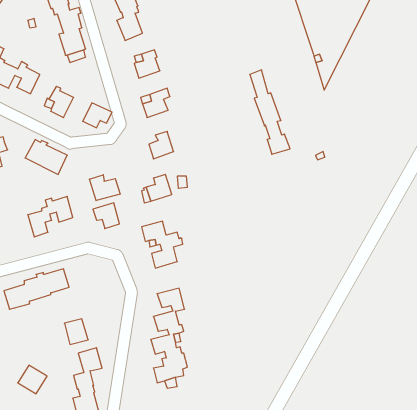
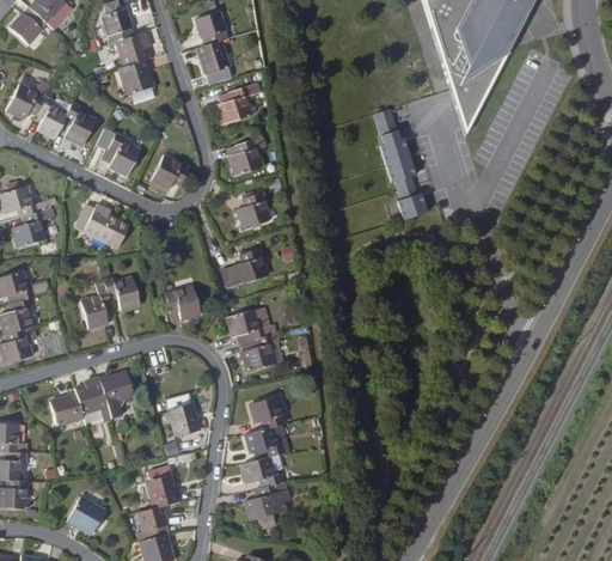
building: [89,175,120,201] -> none
building: [64,319,88,344] -> [169,403,200,437]

